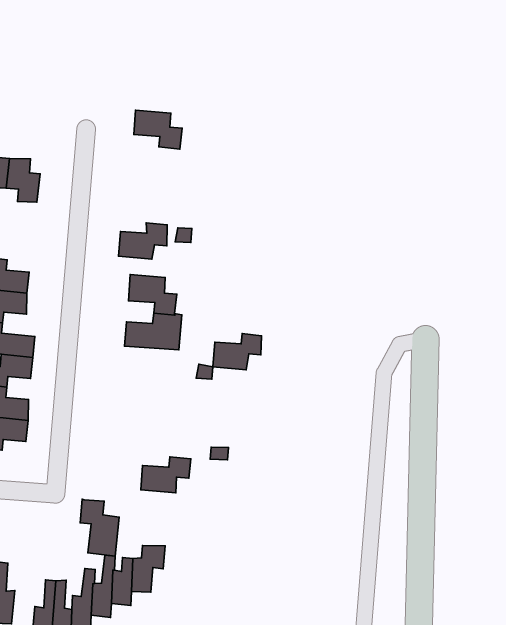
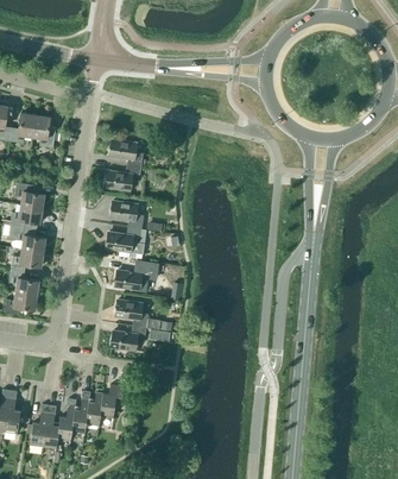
building: [134,110,182,149] -> [109,139,143,168]
building: [213,333,261,370] -> [115,265,150,290]
building: none -> [115,300,149,328]
building: [80,499,119,556] -> none

